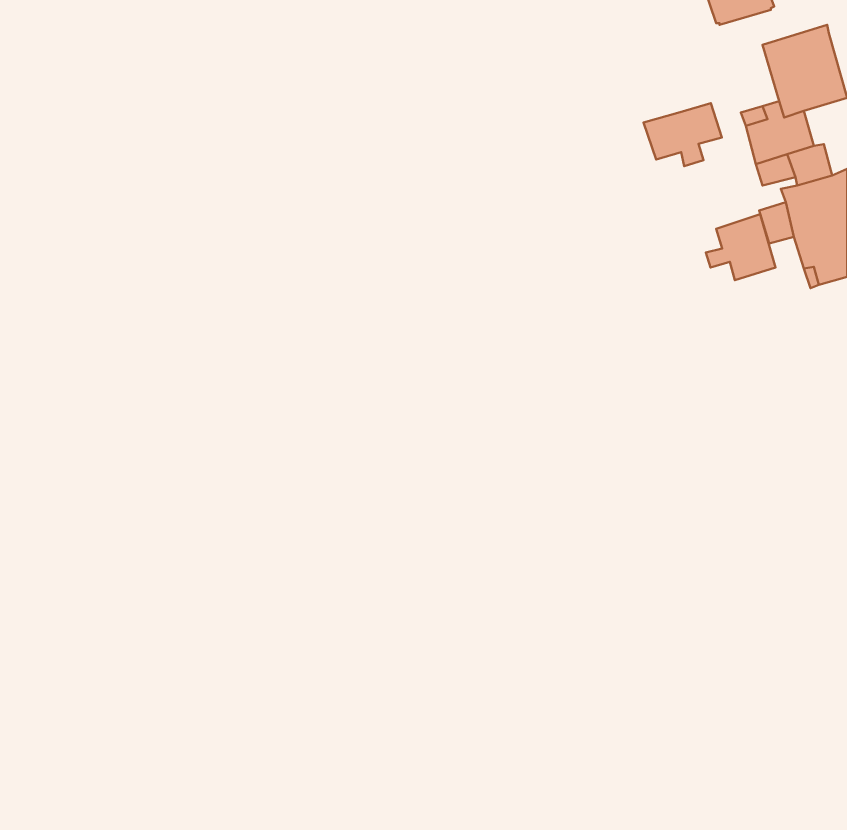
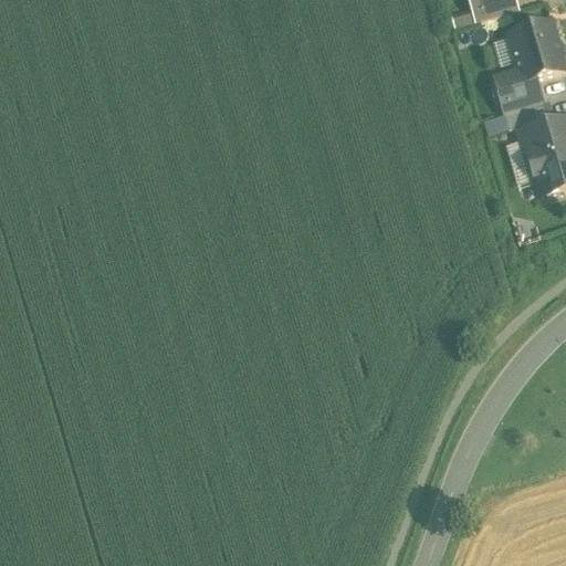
building: [643,103,722,166] -> none
building: [706,214,775,280] -> none

